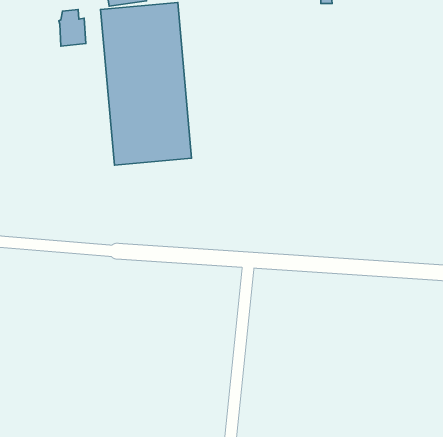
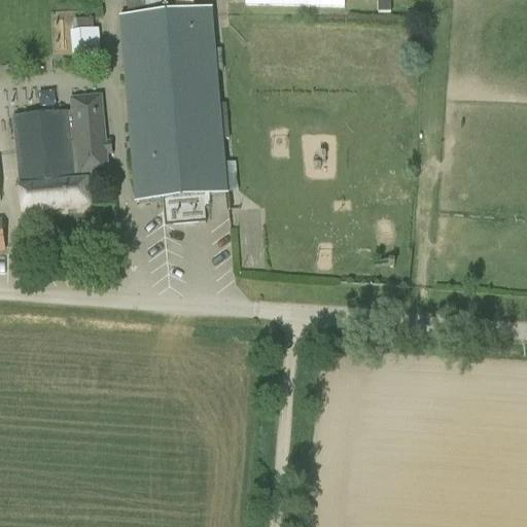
building: none -> [11,89,112,206]

